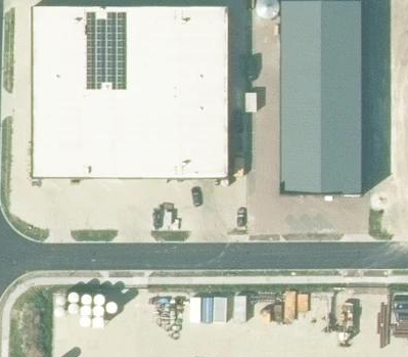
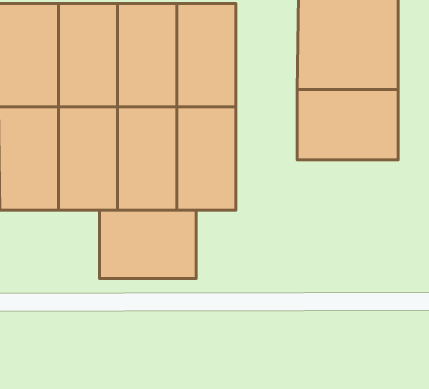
building: [279,135,363,194] -> none
building: none -> [100,210,196,279]

